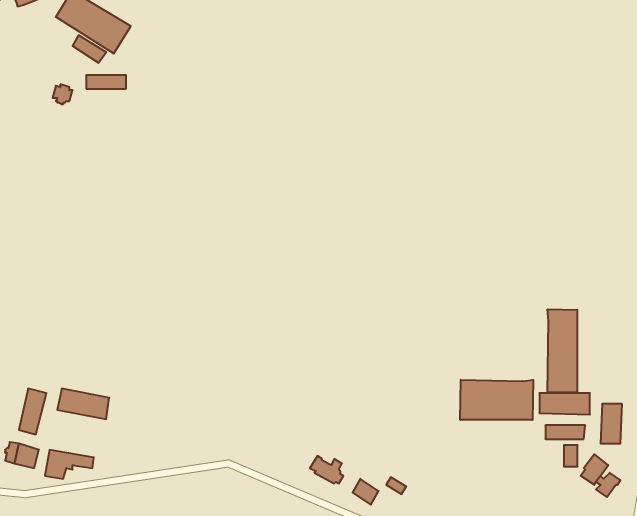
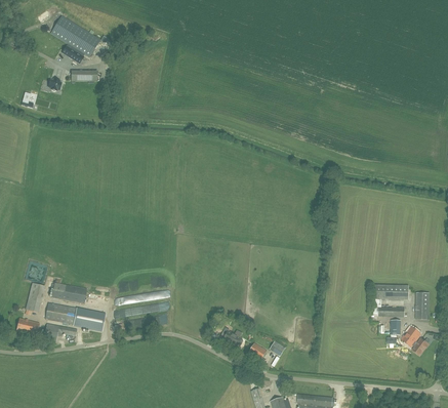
building: [548,309,577,393] -> none
building: [460,380,533,420] -> none
building: none -> [45,302,106,331]

